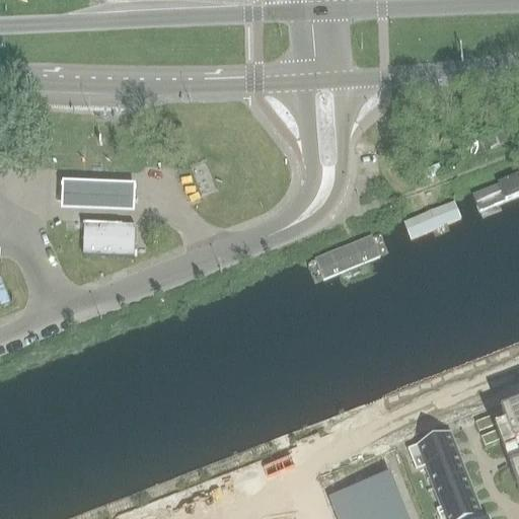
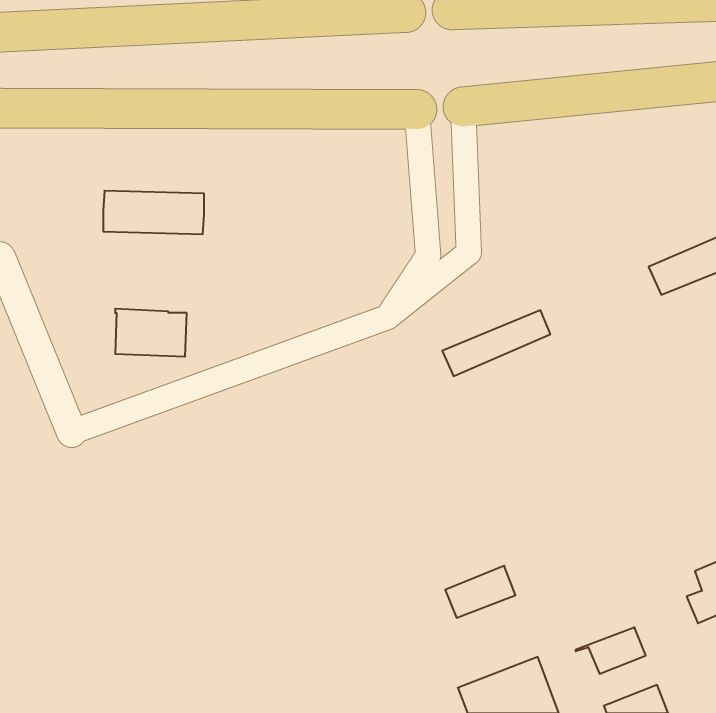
building: [62,181,135,213] -> [103,191,204,234]
building: [402,199,461,237] -> none
building: [409,432,459,469] -> [445,566,515,618]
building: [434,473,475,508] -> none

